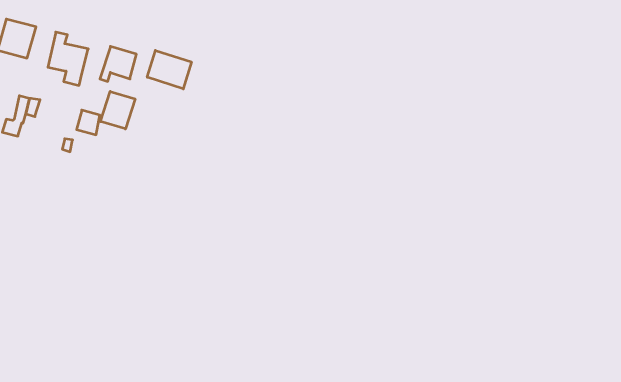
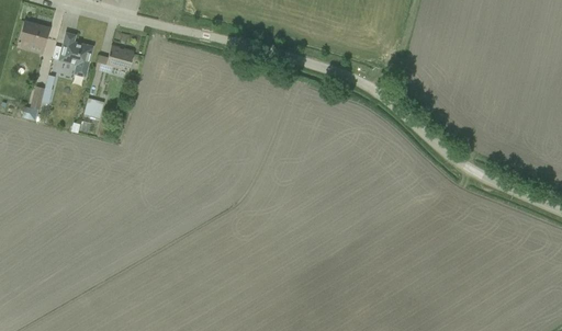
building: [147,50,191,89] -> none
building: [101,91,135,129] -> none

